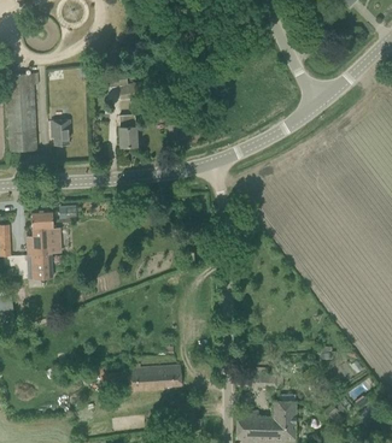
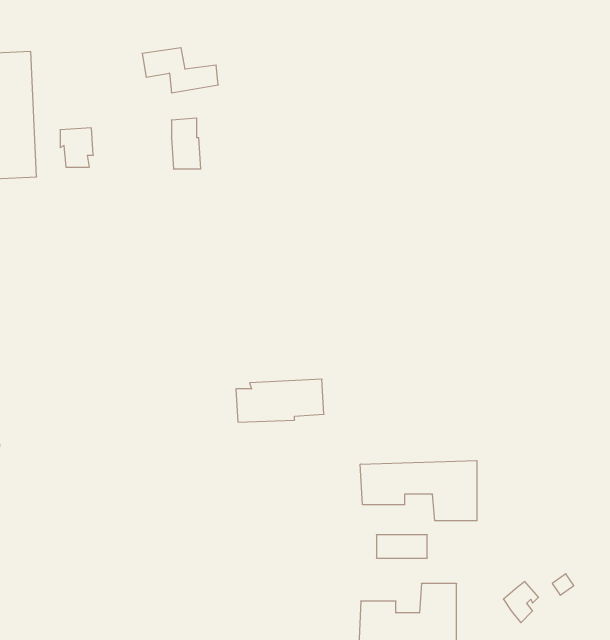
building: [28,208,53,278] -> none
building: none -> [360,461,477,521]
building: [127,365,181,391] -> [236,379,324,422]

